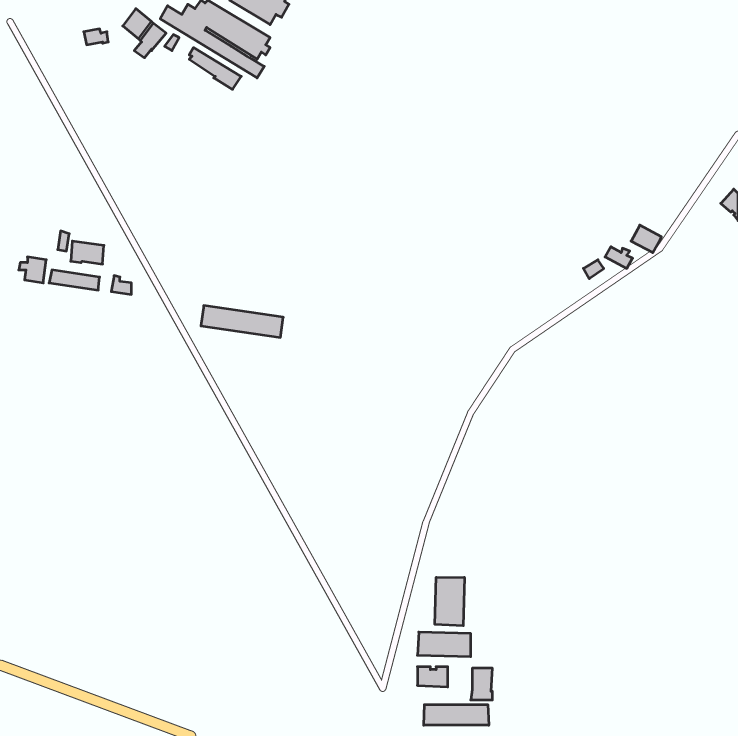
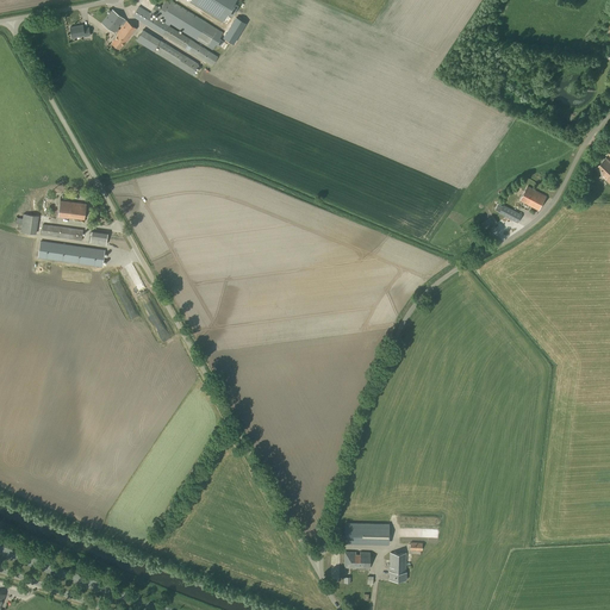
building: [201,306,283,337] -> [37,239,105,266]
building: [435,577,464,626] -> none
building: [424,705,489,725] -> none

